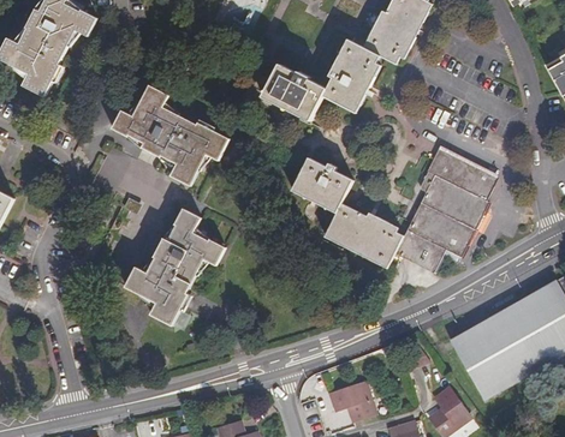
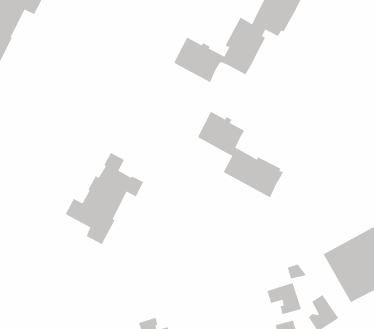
building: [112,84,230,185] -> none
building: [393,148,495,268] -> none
building: [333,378,377,419] -> [267,282,302,315]

